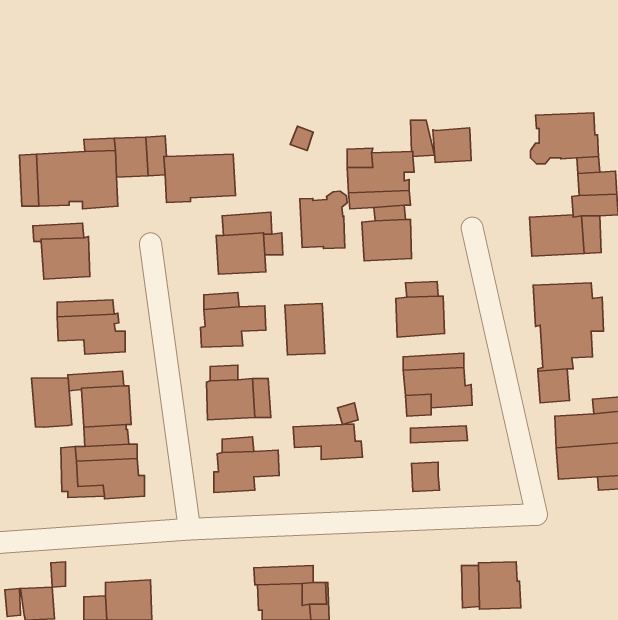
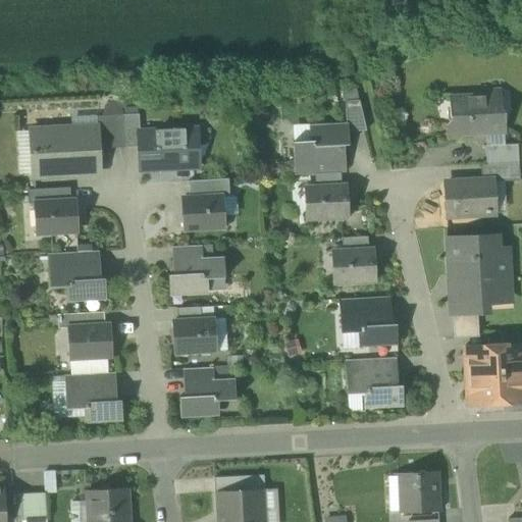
building: [433,128,471,162] -> none
building: [300,191,347,249] -> none
building: [285,303,325,355] -> none
building: [31,378,72,427] -> none
building: [293,424,362,460] -> [347,370,405,400]

